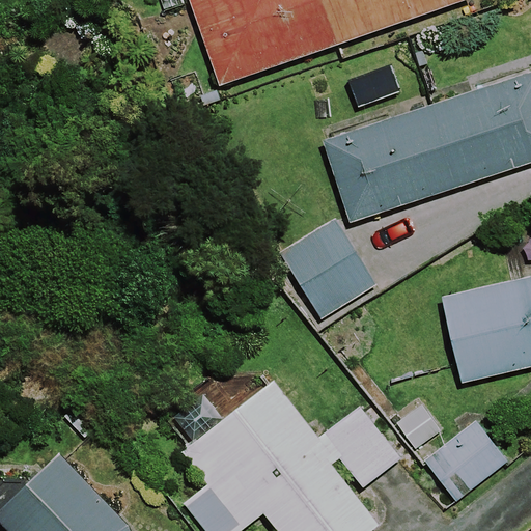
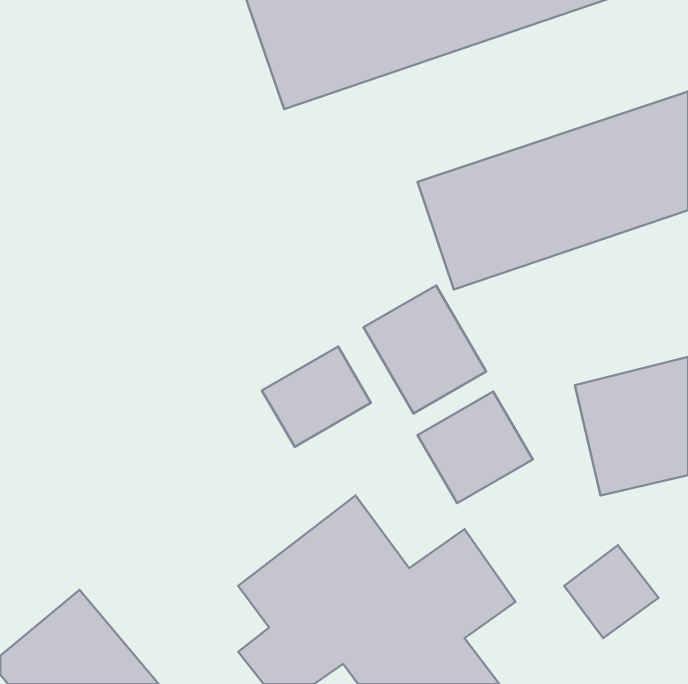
building: none -> [262,346,371,447]
building: none -> [418,391,533,503]

